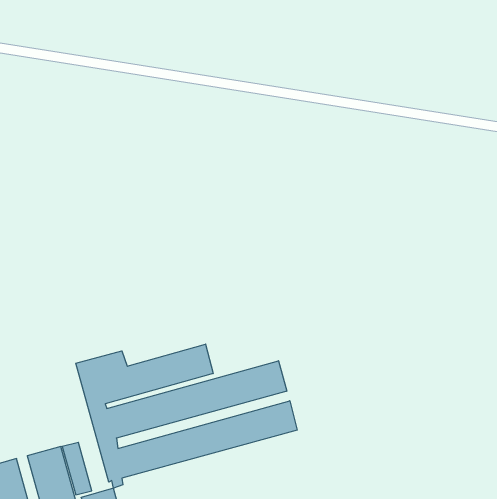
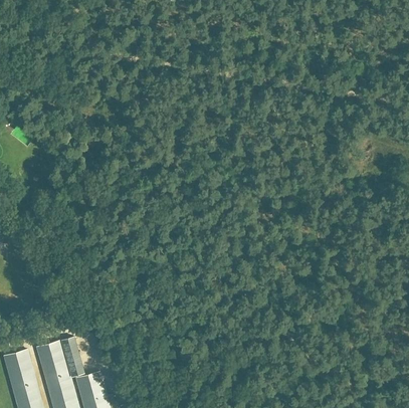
building: [76,344,297,488] -> none

